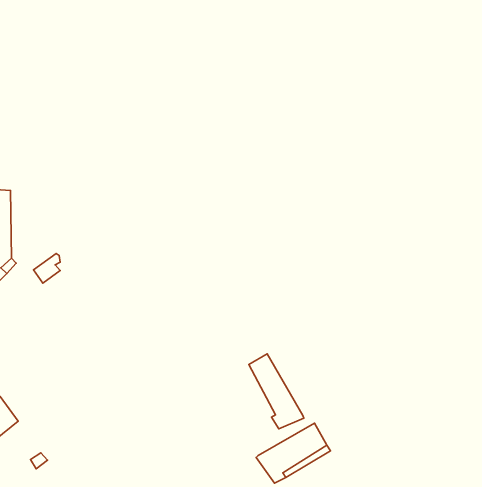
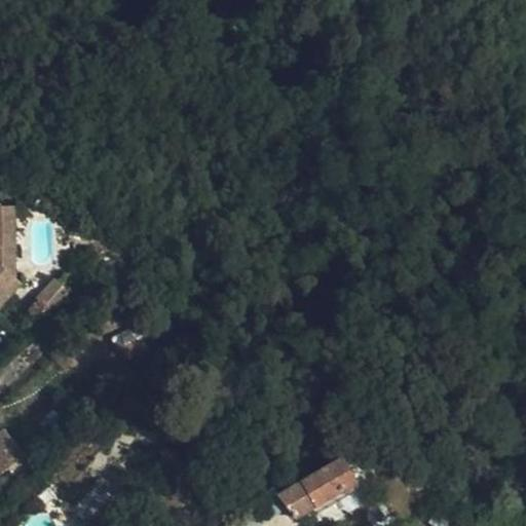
building: [249,354,304,429] -> none

